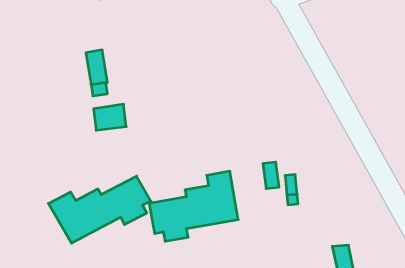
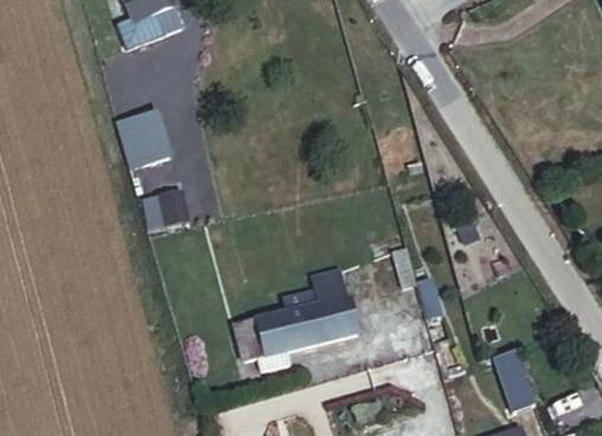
building: [48,176,151,243] -> none

